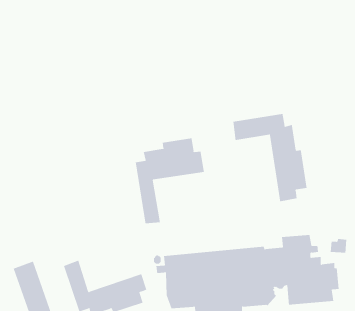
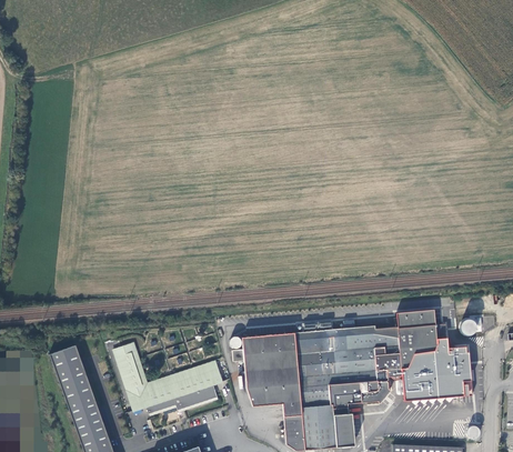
building: [233,113,307,202] -> none
building: [135,138,205,224] -> none

